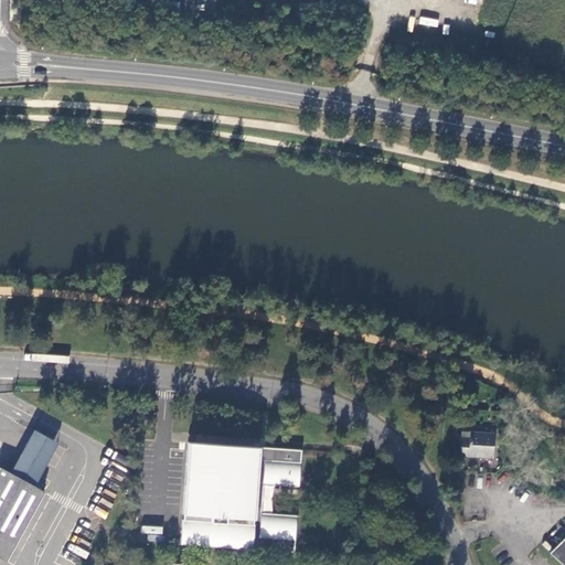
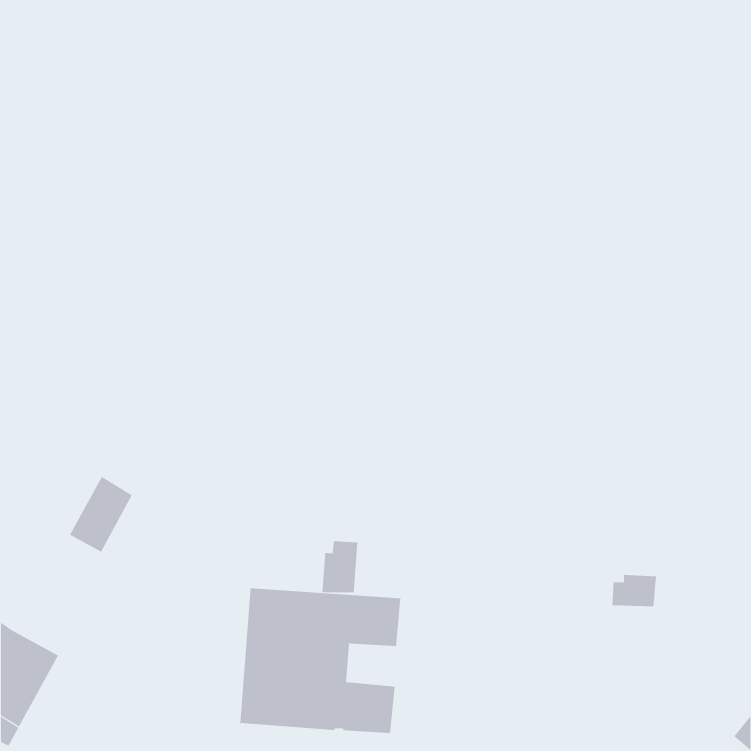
building: none -> [322,541,358,593]
building: [10,429,57,487] -> [69,476,132,552]

